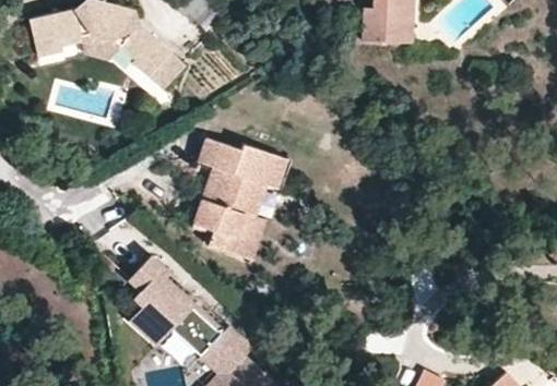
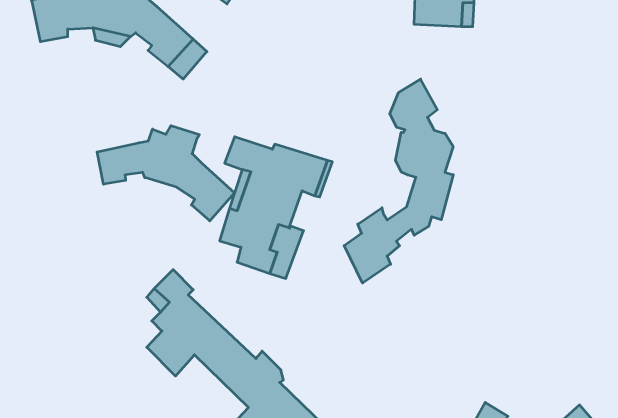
building: none -> [344,79,453,283]
building: none -> [97,126,235,221]

